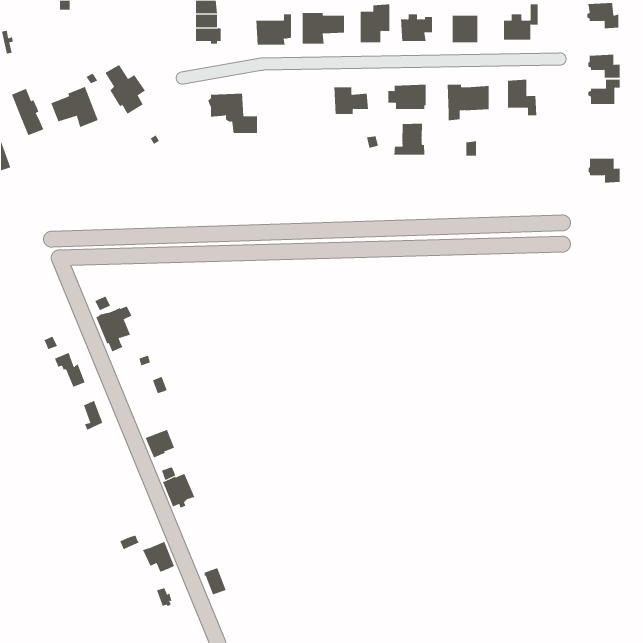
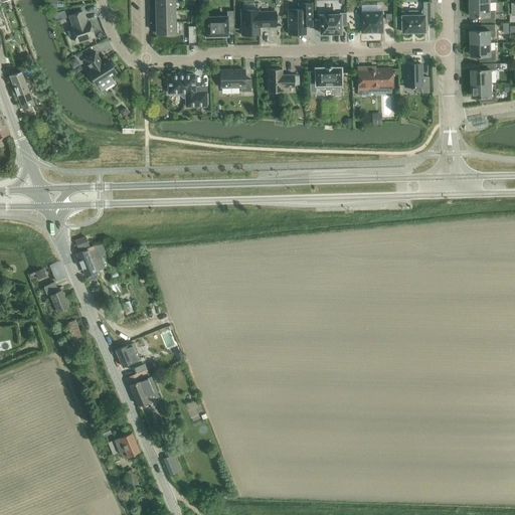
building: none -> [69,11,95,42]
building: none -> [470,25,496,44]
building: [51,86,99,128] -> none
building: none -> [220,69,251,92]
building: [394,123,425,156] -> none
building: [588,158,621,183] -> [471,83,497,104]

